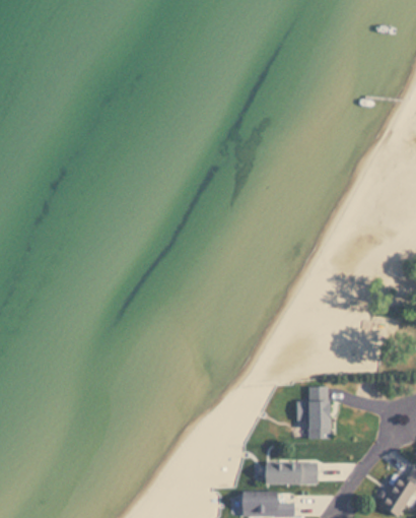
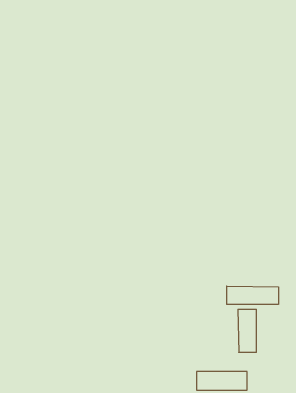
building: none -> [227,286,278,304]

